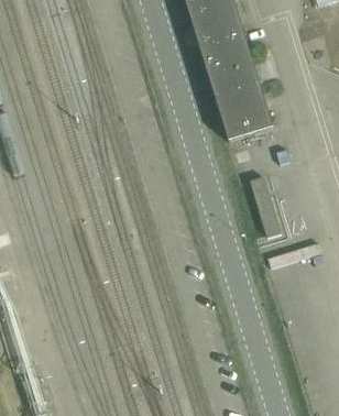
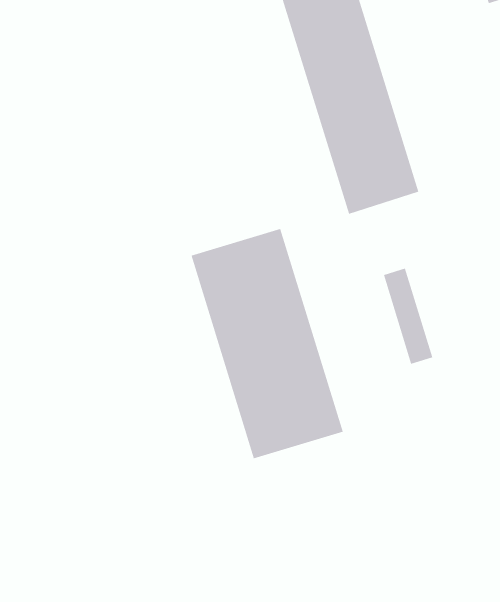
building: none -> [191,228,343,459]

